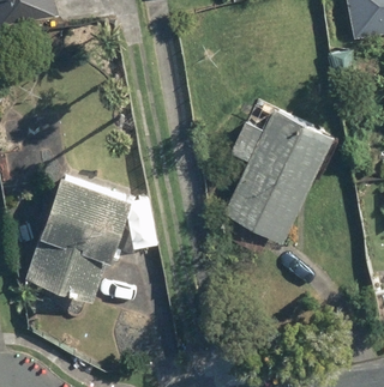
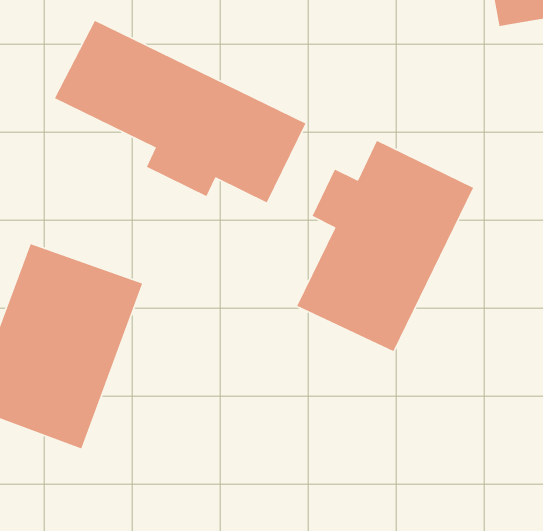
building: none -> [54,20,306,204]

